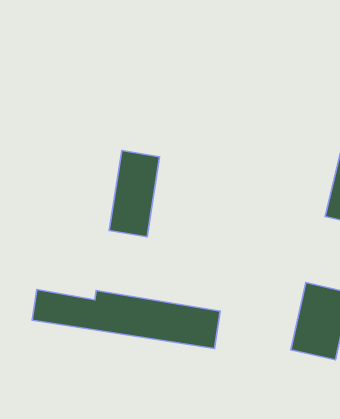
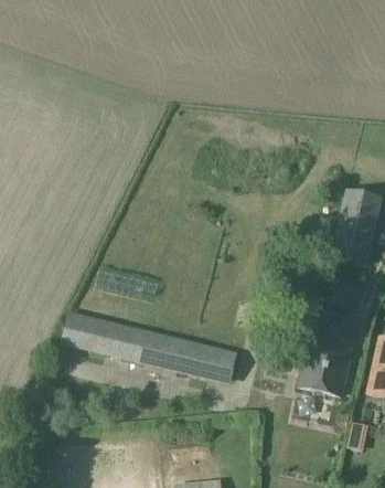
building: [109,150,160,237] -> none

